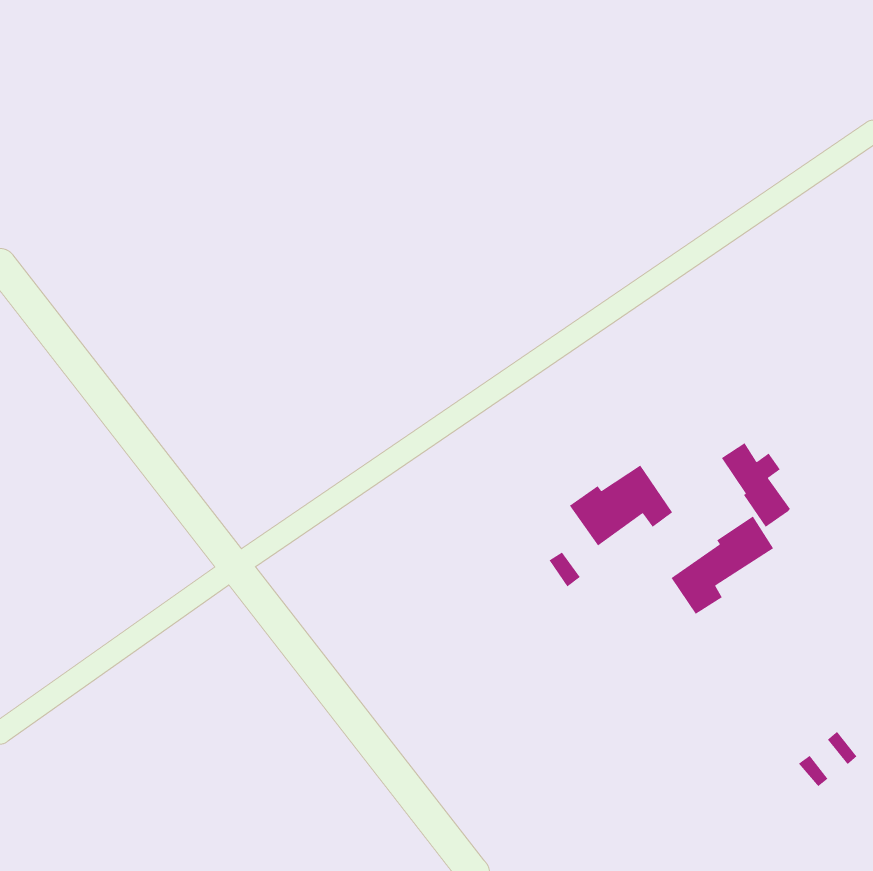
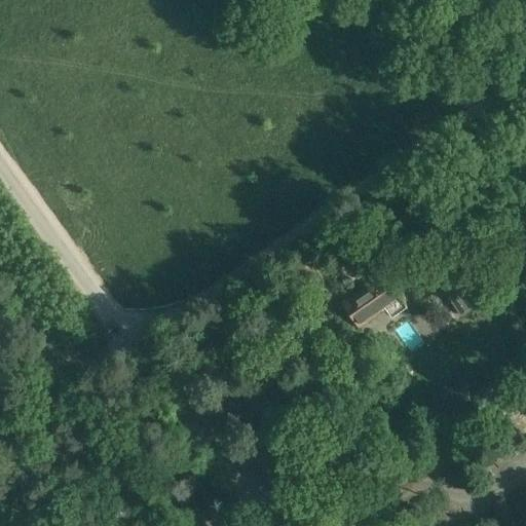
building: [670,516,774,615] -> none

